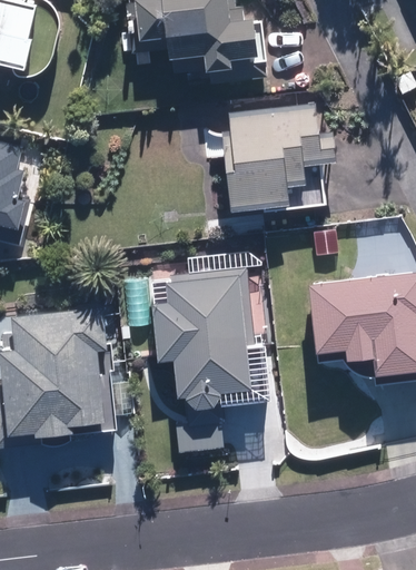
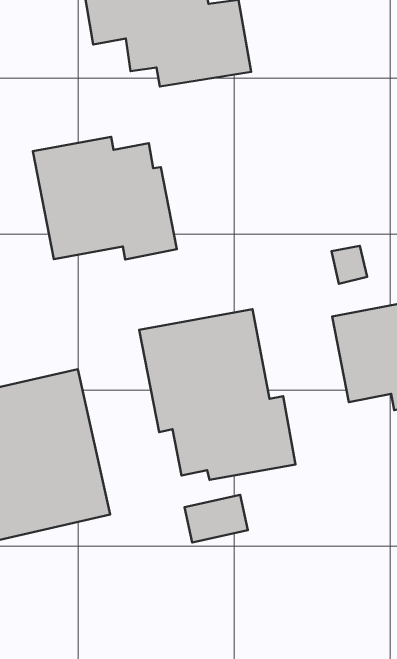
building: [225,104,324,210] -> none
building: none -> [33,137,177,259]

